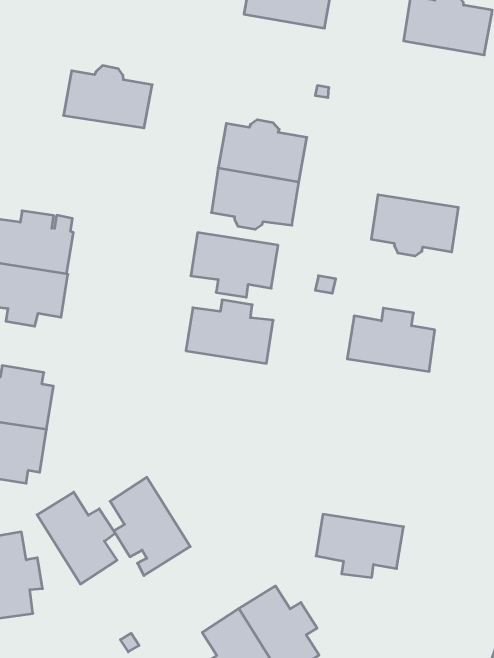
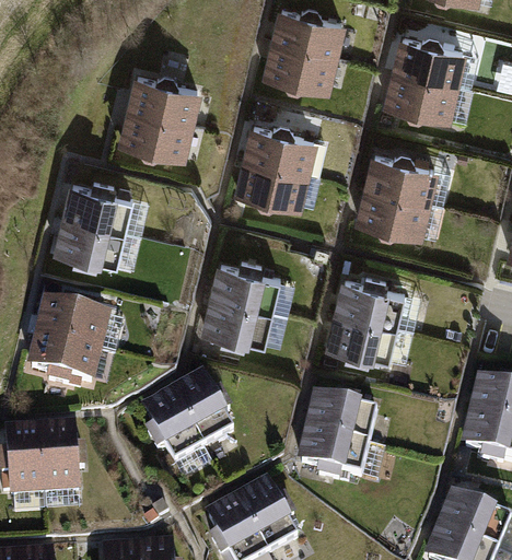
building: none -> [266,42,335,91]
building: none -> [386,71,456,120]
building: none -> [121,109,191,159]
building: none -> [366,152,437,202]
building: [191,233,278,297] -> [202,298,271,350]
building: none -> [326,313,396,365]
building: none -> [306,393,375,445]
building: [37,492,117,584] -> [173,377,232,448]

